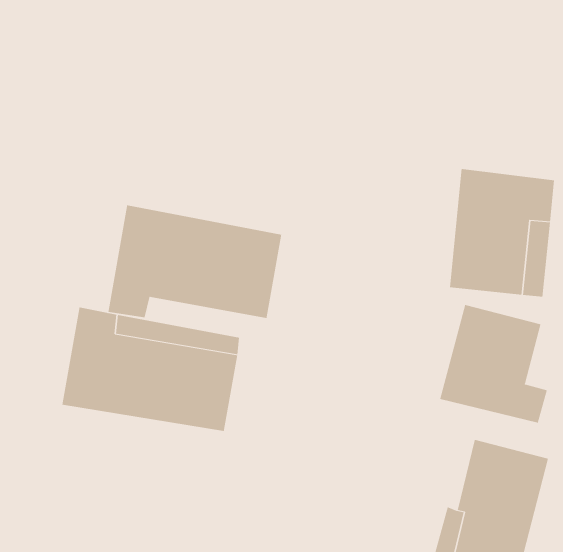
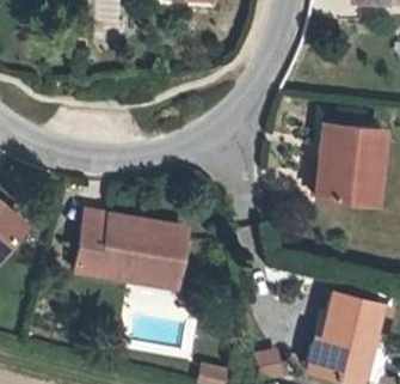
building: [108,205,282,319] -> none
building: [439,304,547,423] -> none

